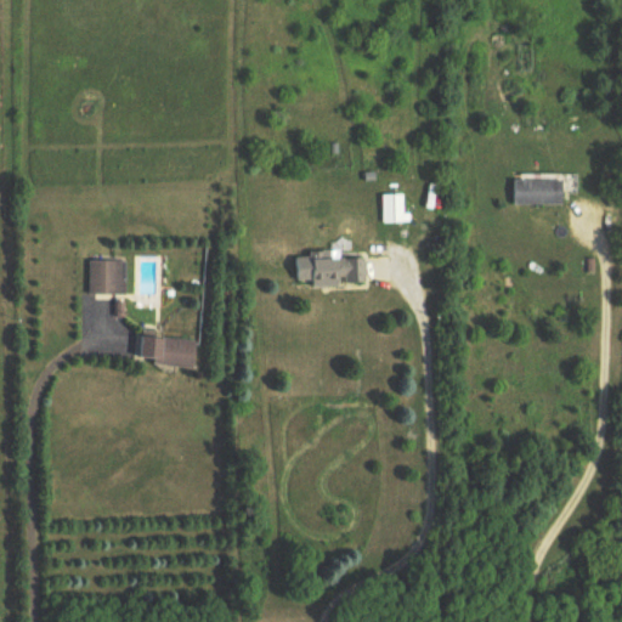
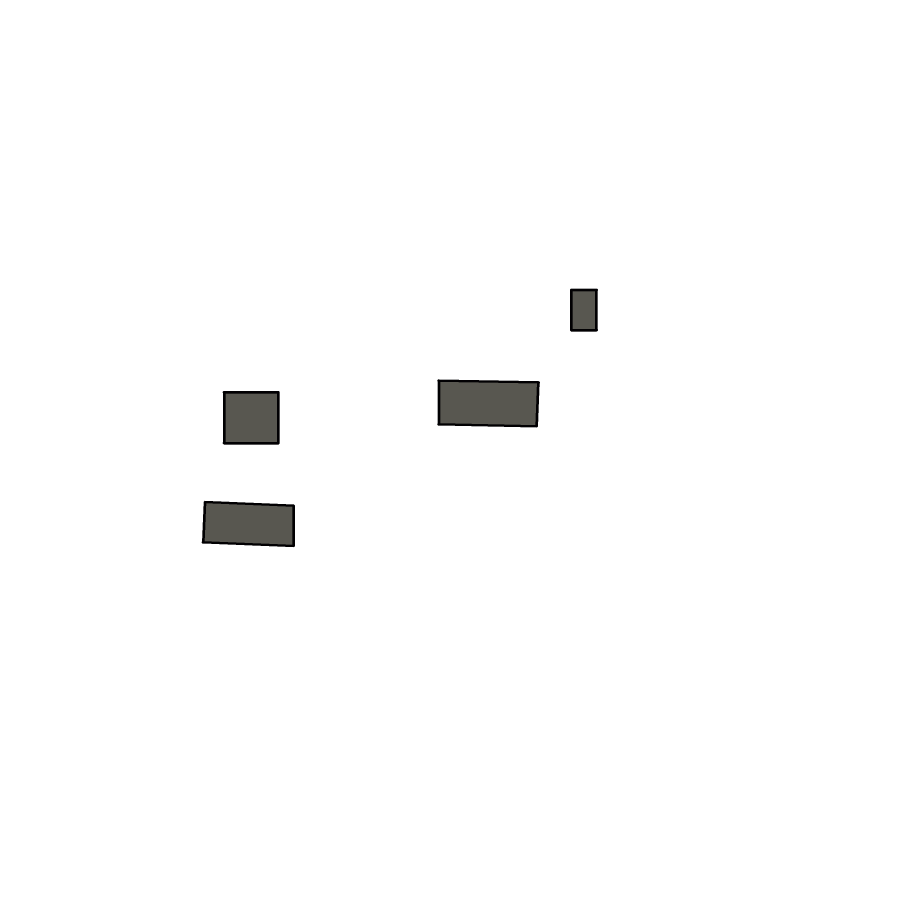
building: [514,179,566,204] -> none
building: [91,259,128,293] -> [224,392,278,443]

